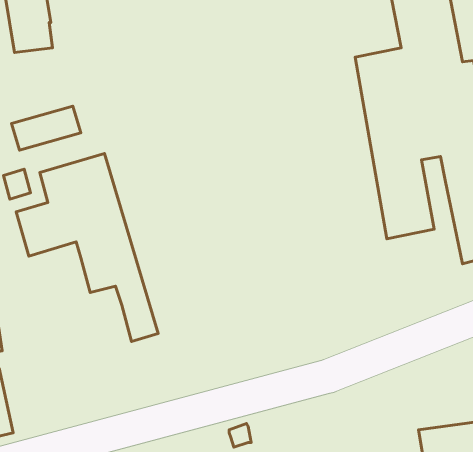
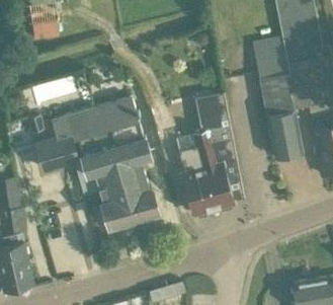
building: none -> [178,93,244,218]
building: none -> [92,95,158,221]

